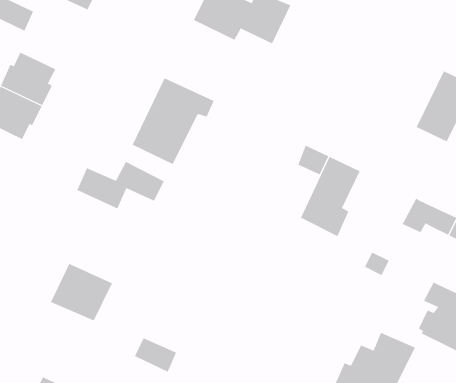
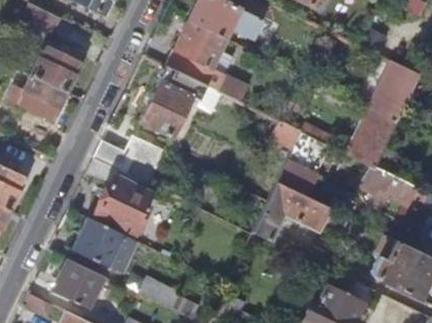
building: none -> [167,22,249,104]
building: none -> [350,109,397,168]
building: none -> [87,160,152,235]
building: none -> [252,183,331,242]
building: none -> [53,260,104,309]

